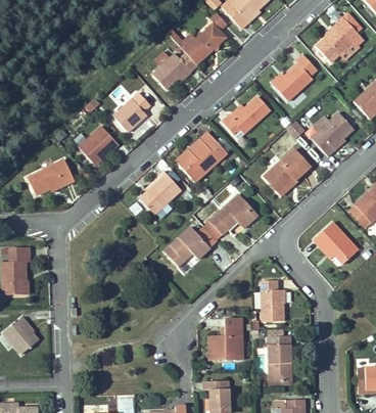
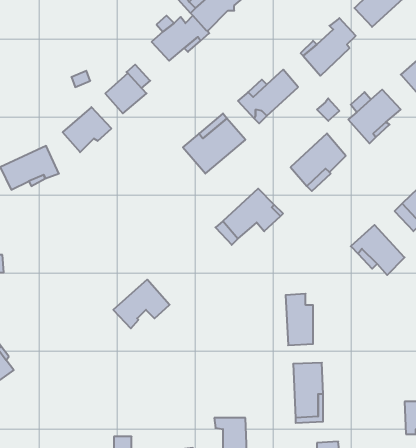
building: [140,174,182,214] -> none
building: [164,228,210,268] -> [113,280,170,328]
building: [208,317,242,360] -> none

